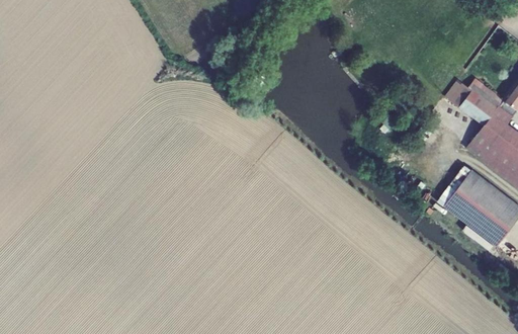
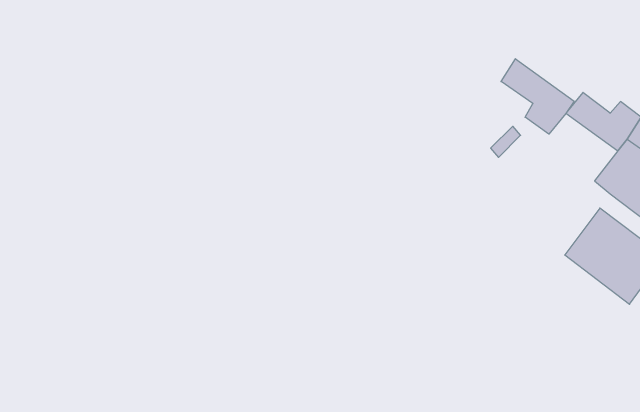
building: none -> [501,59,574,134]

